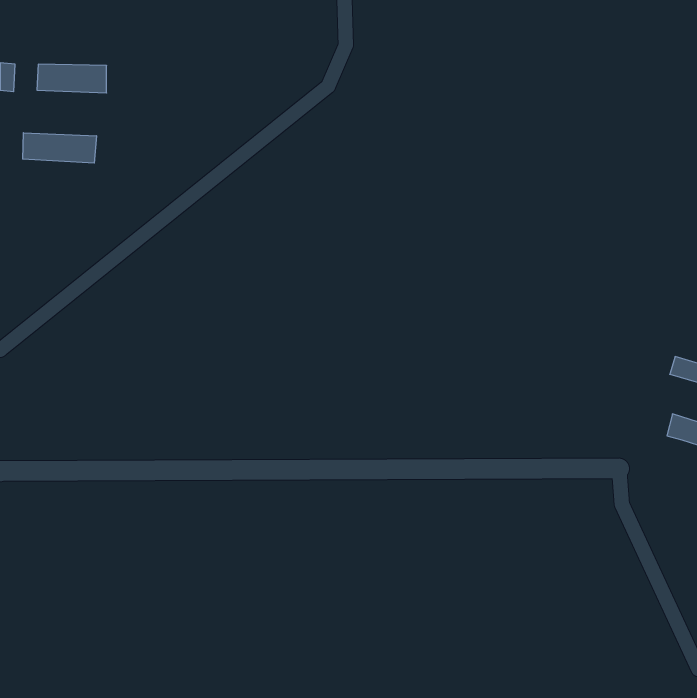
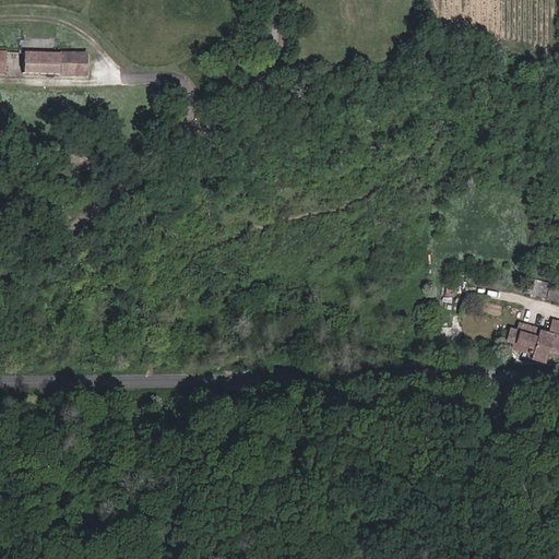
building: [23,133,96,163] -> none
building: none -> [511,325,546,365]

